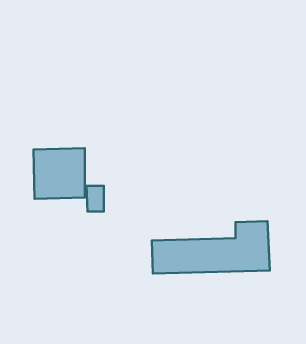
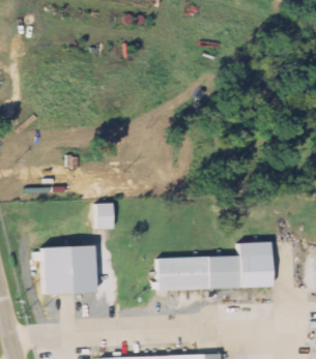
building: [34,148,85,199] -> [45,242,94,291]

